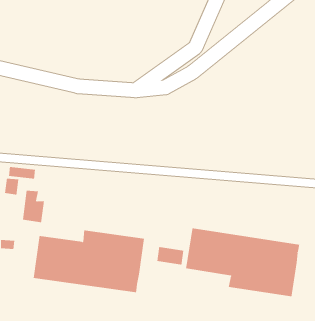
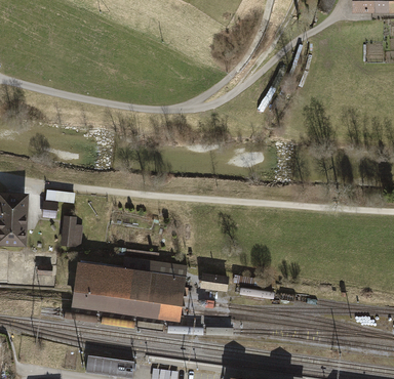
building: [186,228,300,297] -> none

